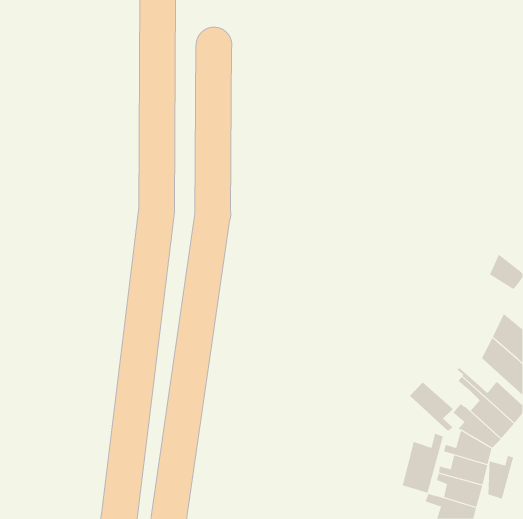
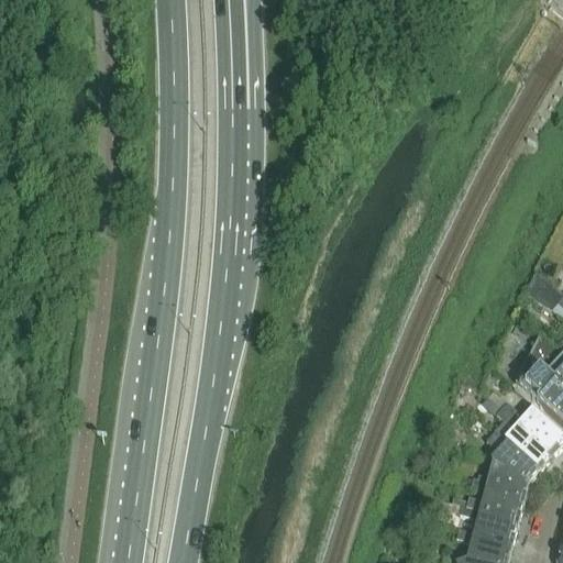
building: [409,382,454,432] -> none
building: [402,433,443,493] -> none
building: [488,455,514,500] -> none

